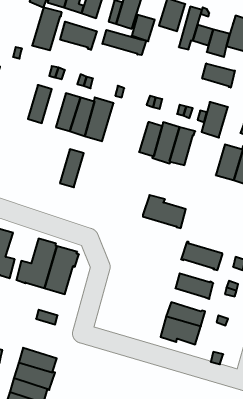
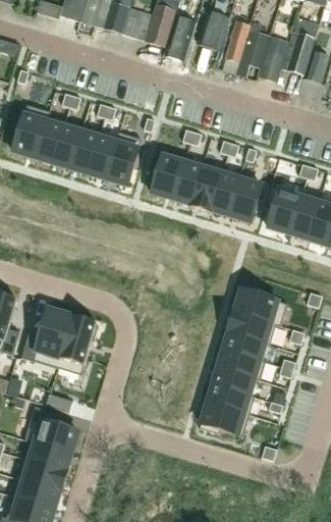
building: [32,7,62,50] -> [13,105,50,158]
building: [60,22,97,50] -> none
building: [102,30,146,55] -> none
building: [202,63,235,88] -> none
building: [202,102,228,138] -> [229,178,262,222]
building: none -> [152,151,187,199]
building: [60,149,84,187] -> [53,121,82,168]
building: [143,195,186,228] -> [234,285,287,326]
building: none -> [223,331,266,360]
building: none -> [213,367,255,396]
building: none -> [24,406,78,454]

